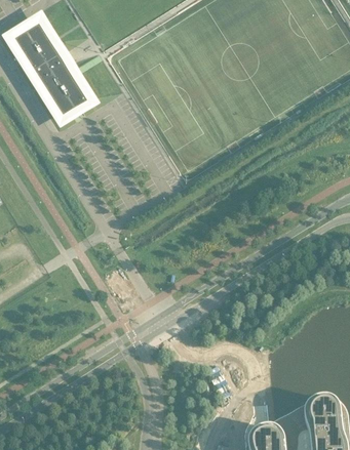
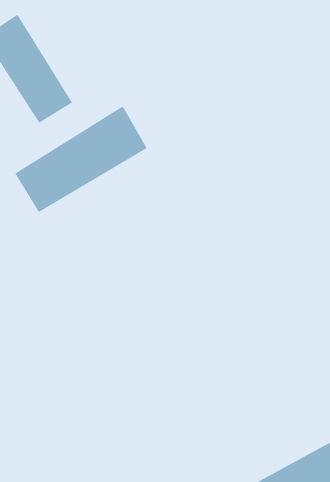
building: none -> [14,106,147,213]

